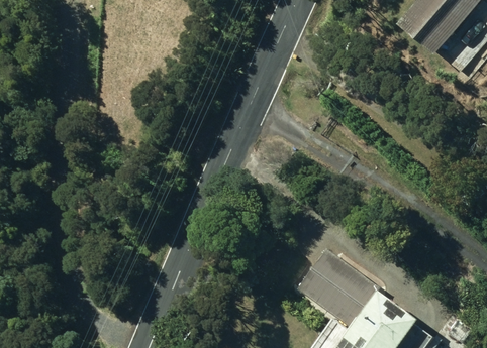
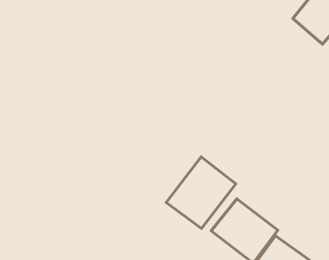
building: none -> [166,157,236,228]

